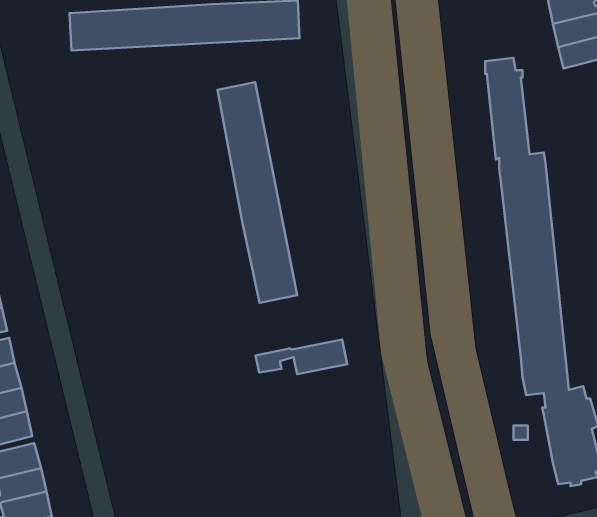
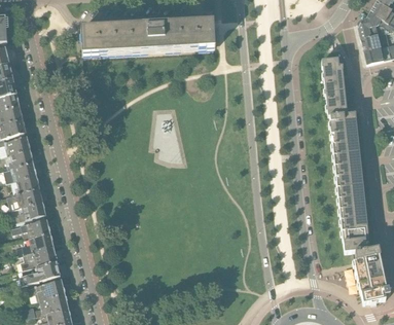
building: [217,82,297,303] -> none
building: [255,340,347,374] -> none

